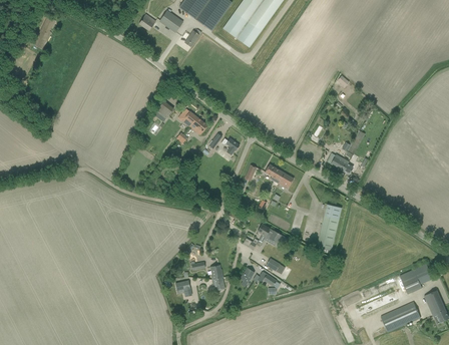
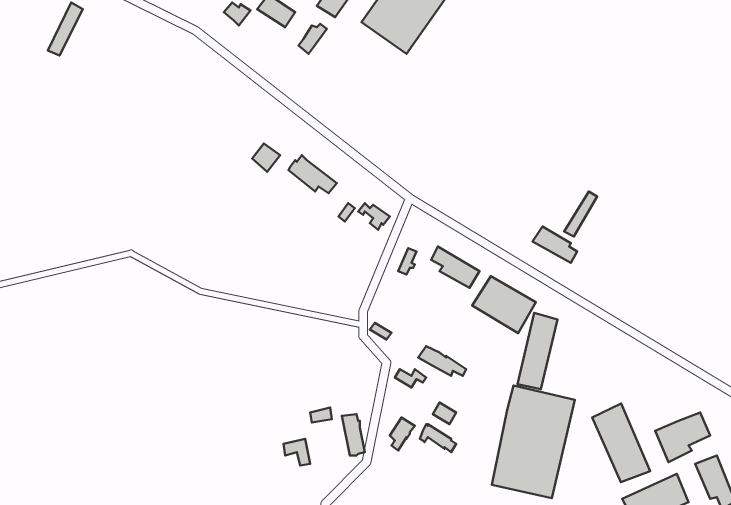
building: none -> [472,276,536,333]
building: none -> [492,386,575,498]
building: none -> [592,404,650,482]

